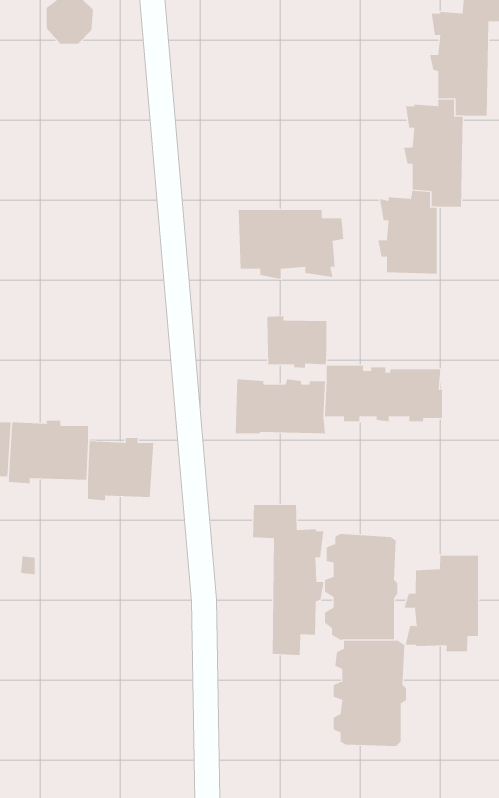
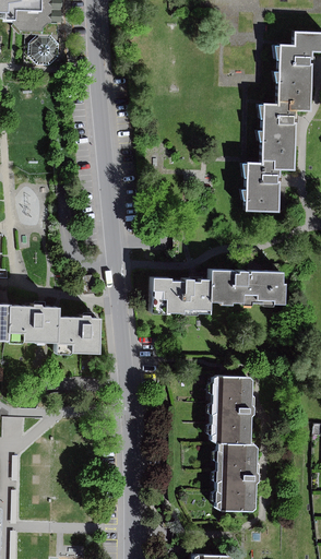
building: [238,209,344,280] -> none
building: [267,316,327,368] -> none
building: [253,504,324,656] -> none
building: [404,555,479,652] -> none

